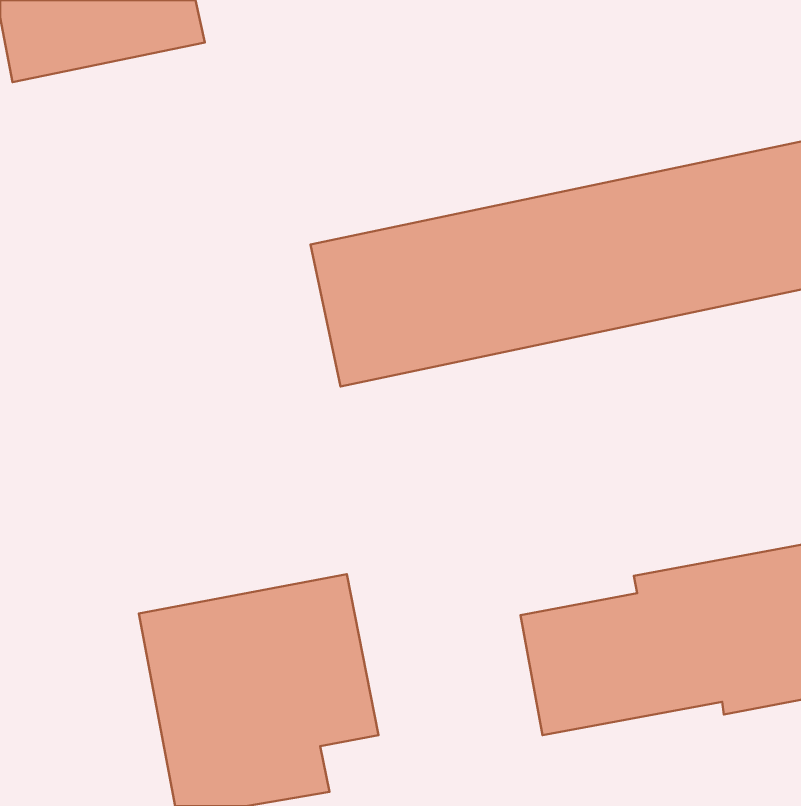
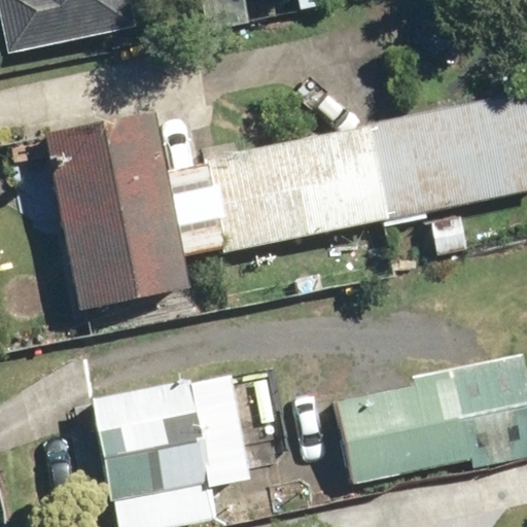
building: none -> [41,109,191,312]

